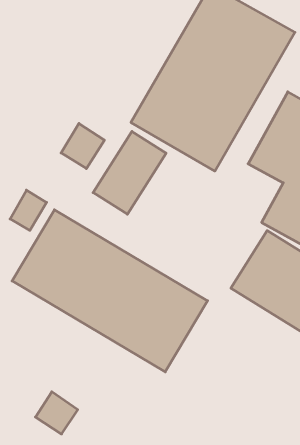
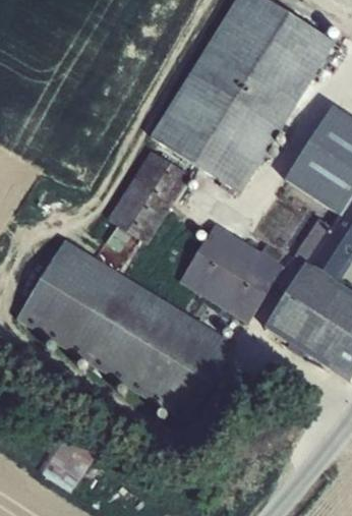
building: [61,123,104,169] -> none
building: [10,190,47,230] -> none
building: none -> [179,222,283,322]

